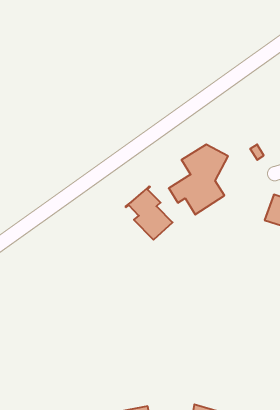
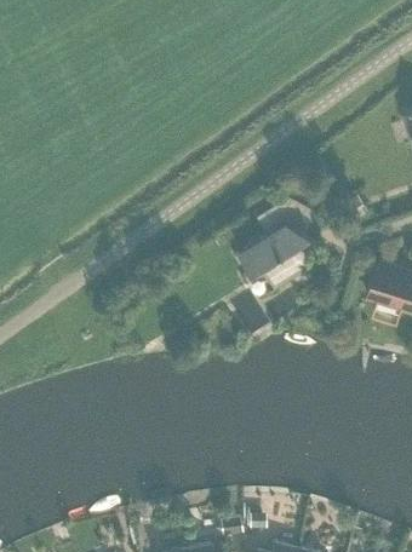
building: [126,186,173,240] -> none

